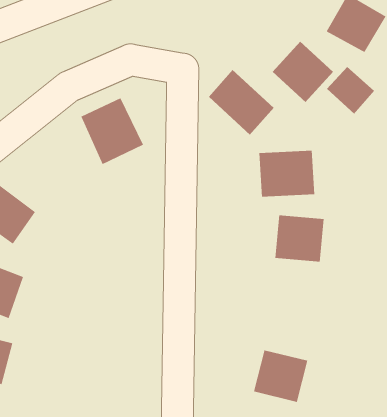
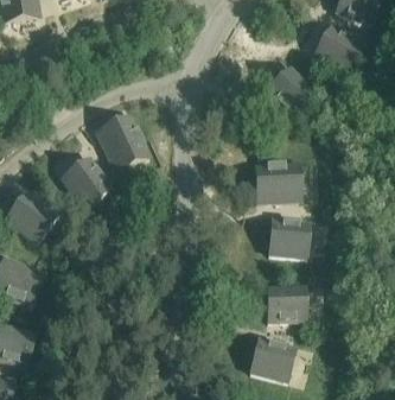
building: [326,66,375,114] -> none
building: [208,69,274,136] -> none
building: none -> [59,157,114,210]
building: none -> [266,284,307,322]

